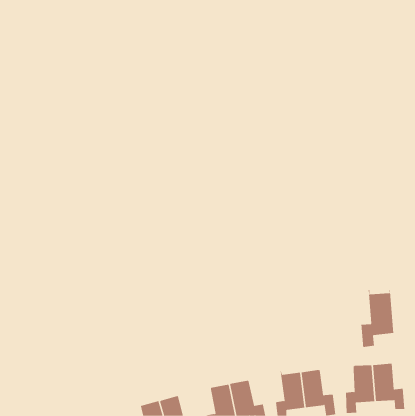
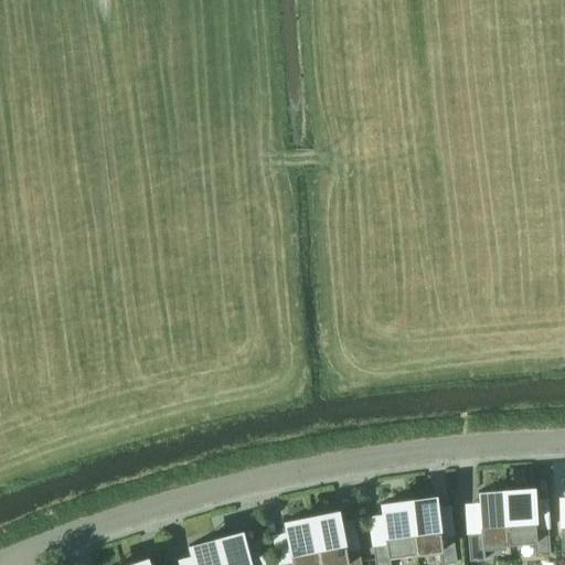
building: [361,288,394,348] -> none

